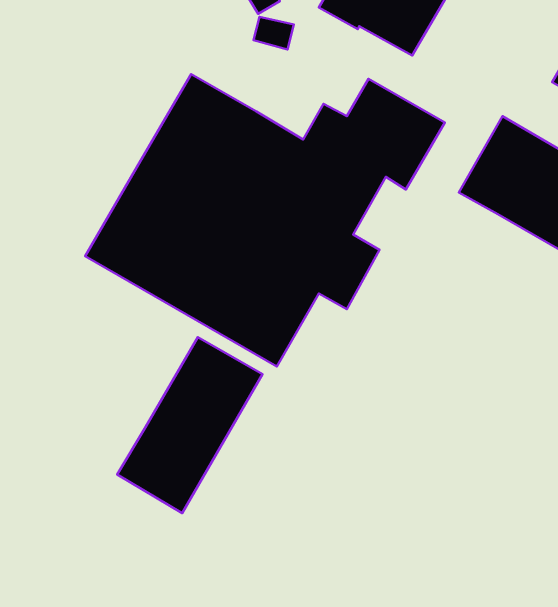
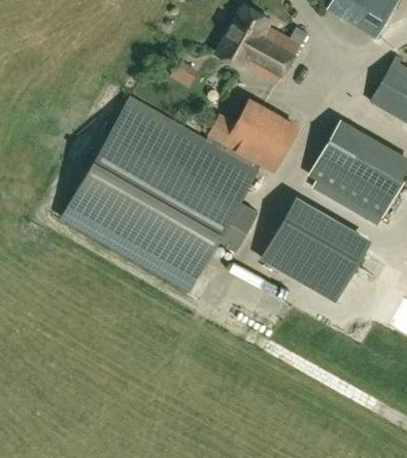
building: none -> [265,202,365,292]
building: [117,337,262,513] -> none

